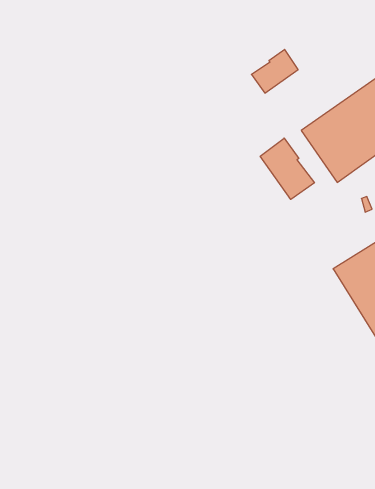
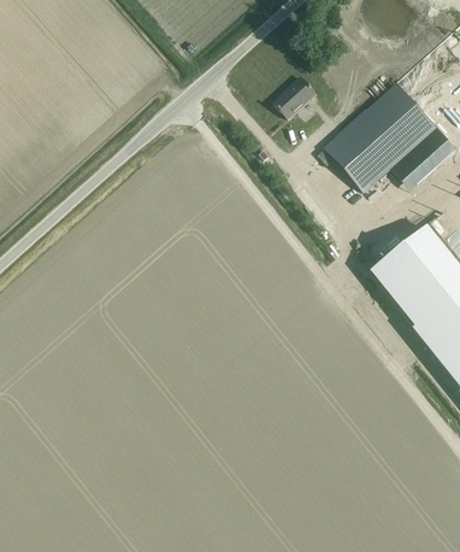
building: [260,138,314,199] -> none

